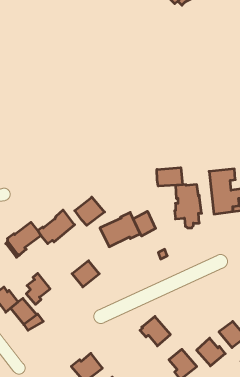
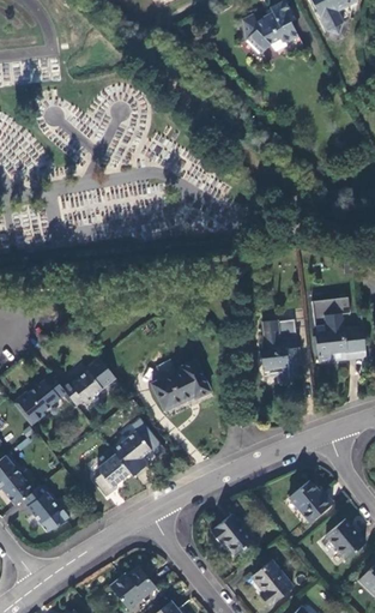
building: [157,168,183,186] -> none
building: [75,197,105,225] -> none
building: [133,211,156,236] -> none
building: [26,273,50,304] -> [95,450,129,495]
building: [197,338,225,366] -> [290,480,332,521]

